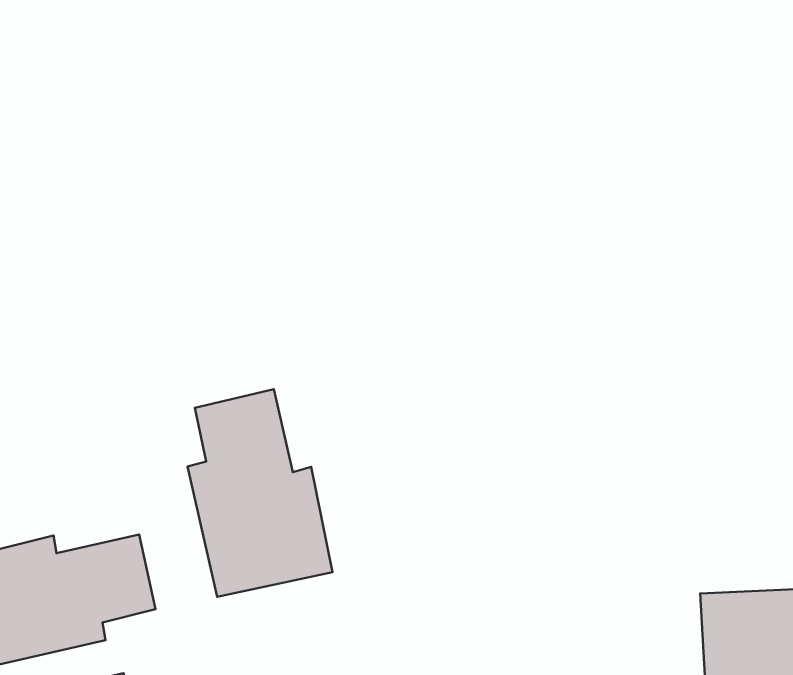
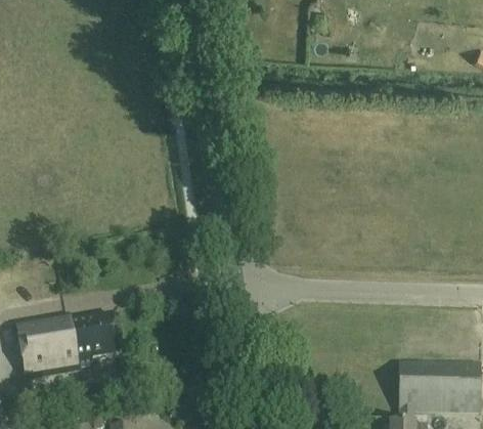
building: [188,389,333,597] -> none

